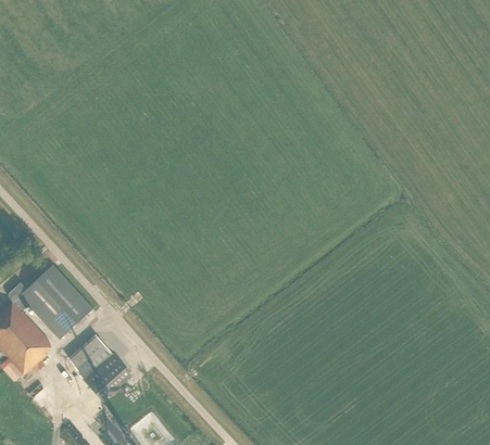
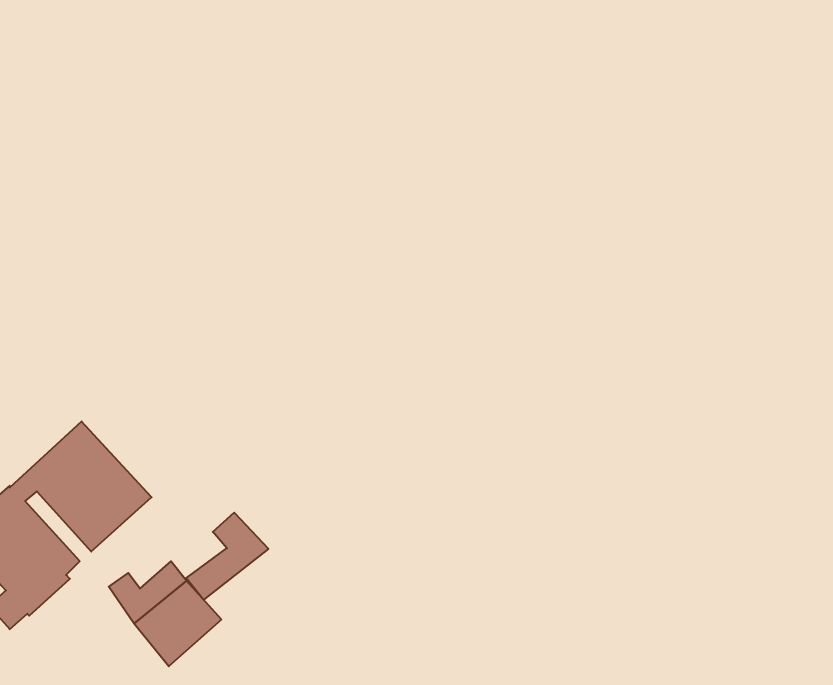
building: none -> [186,513,268,600]

